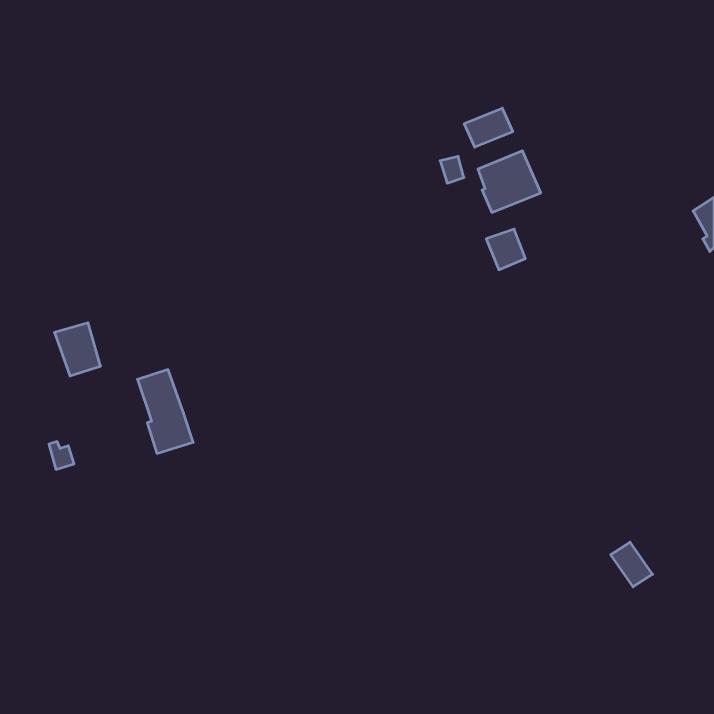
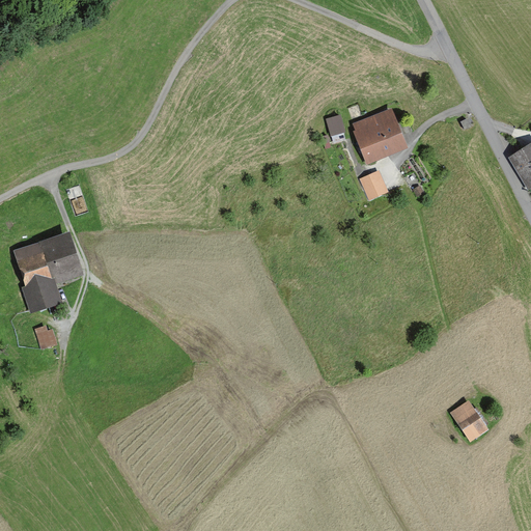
building: [464,108,513,147] -> none
building: [137,370,193,453] -> [18,247,59,309]

